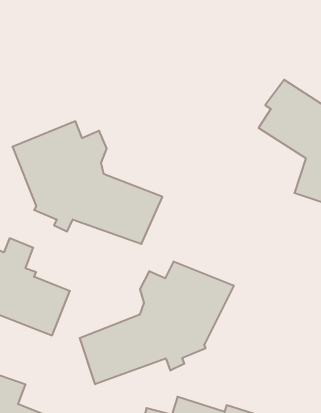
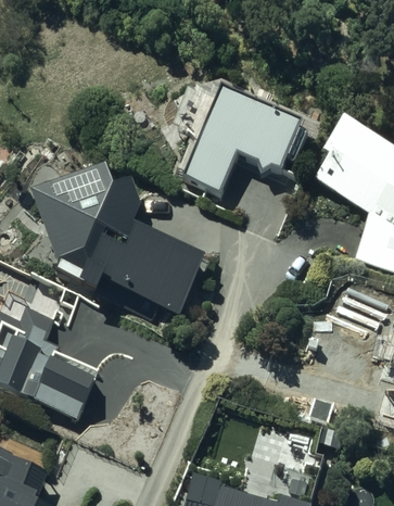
building: none -> [177,83,305,190]
building: [80,261,234,384] -> none

